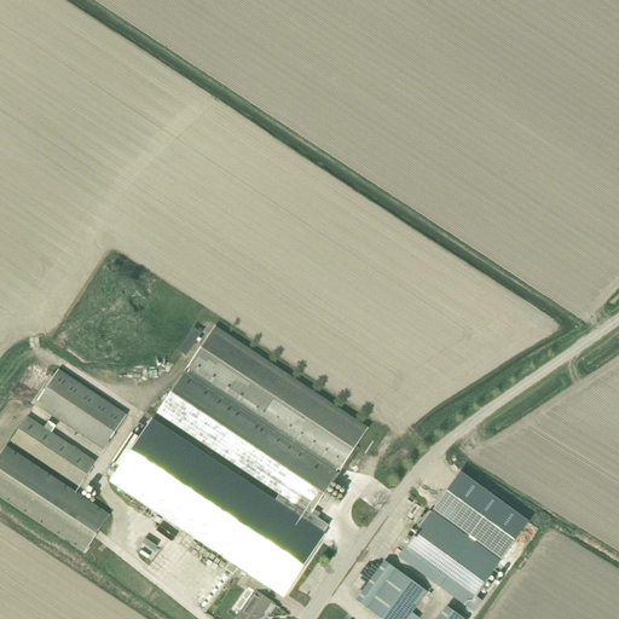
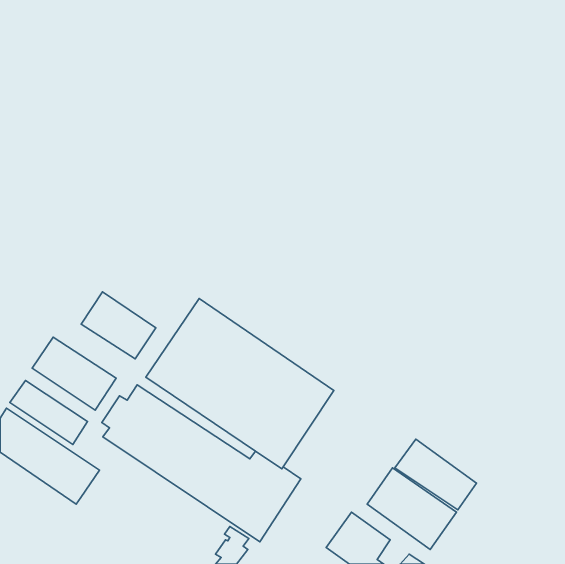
building: none -> [81,292,156,359]

